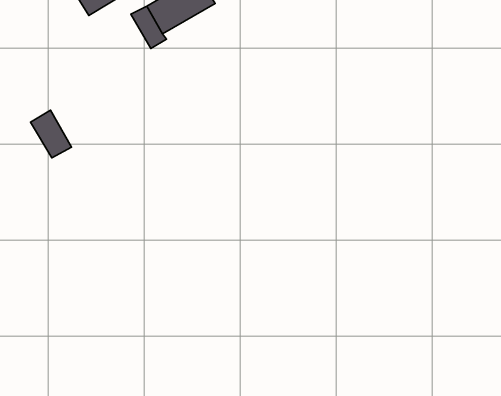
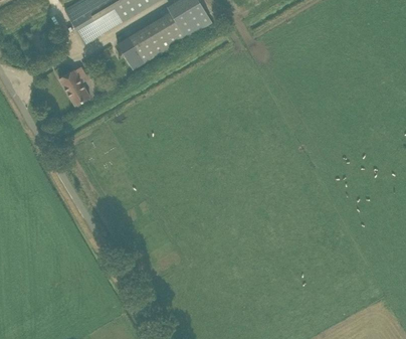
building: [31,110,71,158] -> [60,68,91,105]

